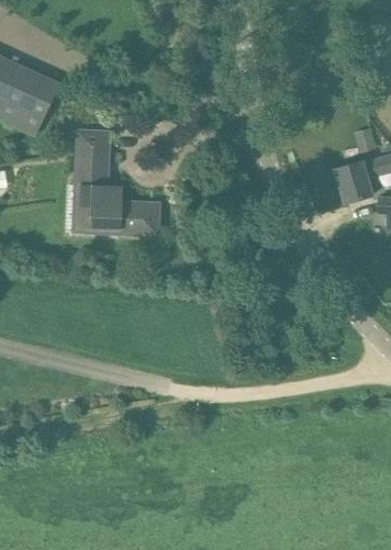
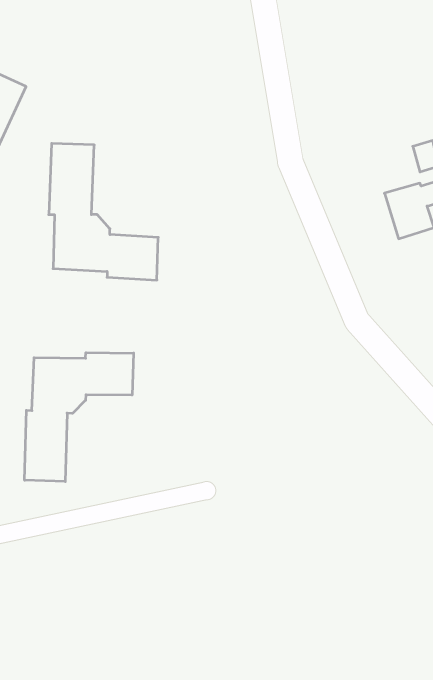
building: none -> [25,353,134,482]

